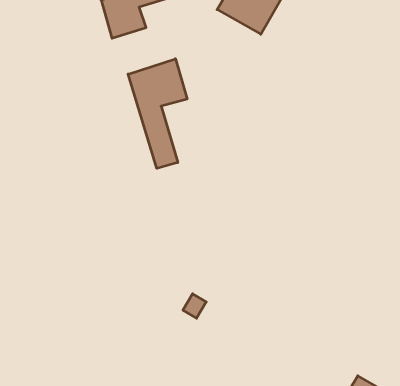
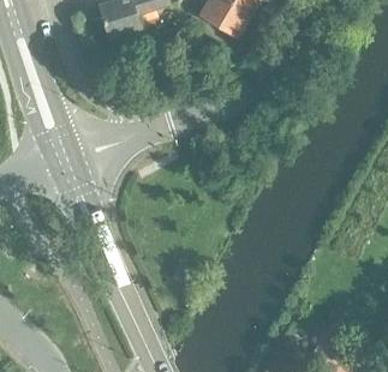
building: [128,59,187,168] -> none

